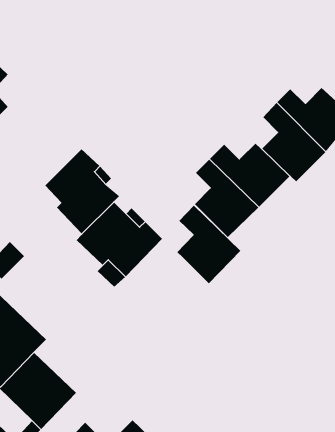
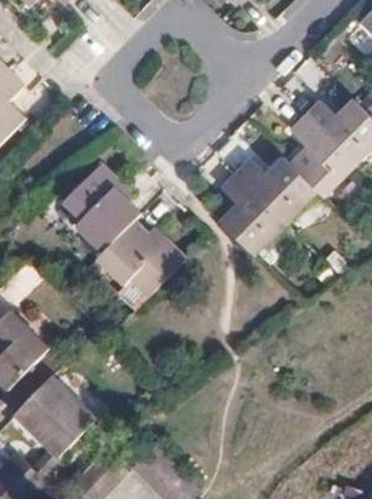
building: [176,205,241,284] -> none

